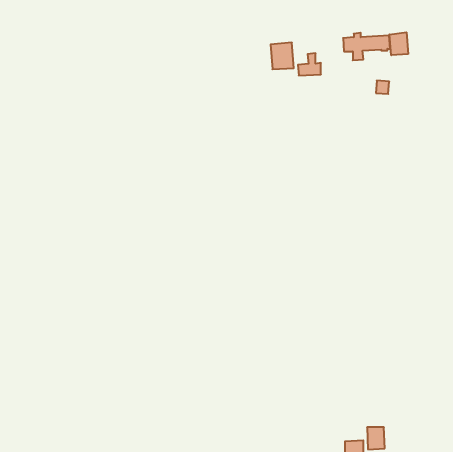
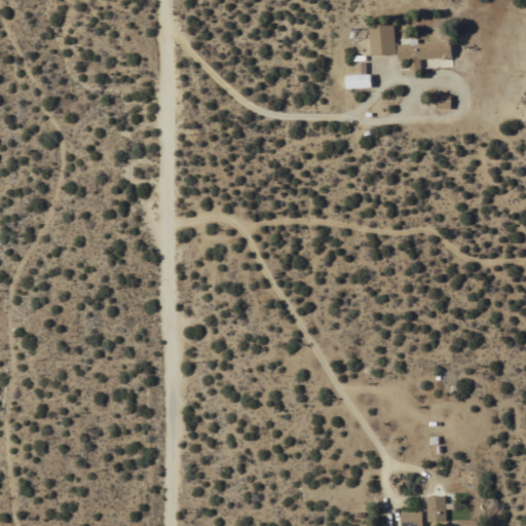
building: [389,32,408,55] -> none
building: [271,43,294,69] -> [369,25,396,55]

